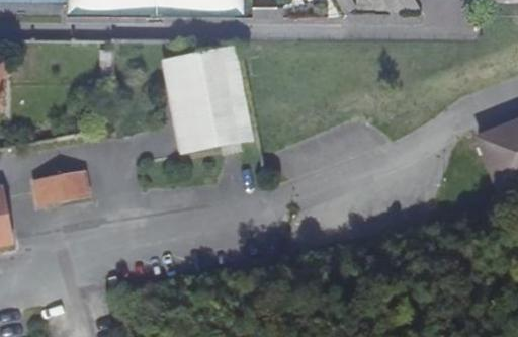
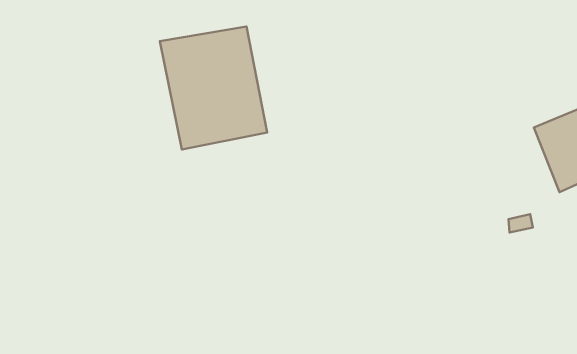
building: [35,176,84,202] -> none

